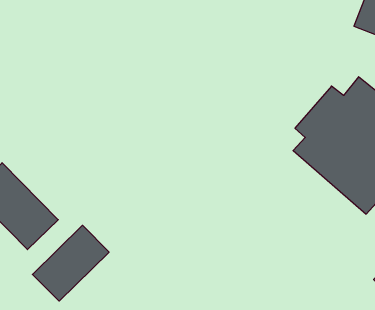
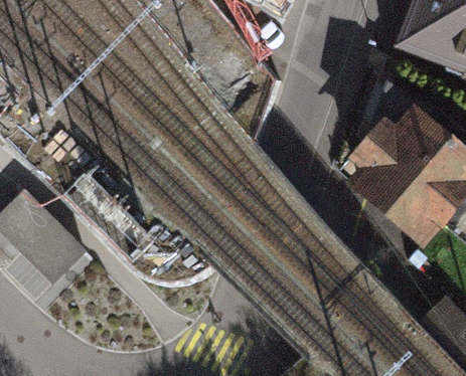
building: [32,225,109,301] -> none

